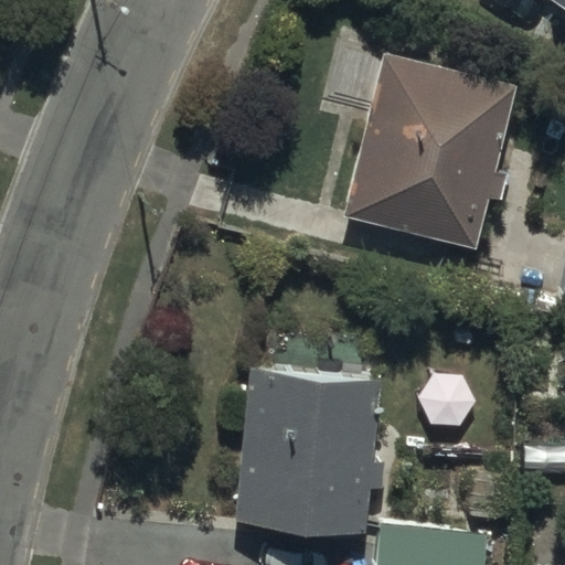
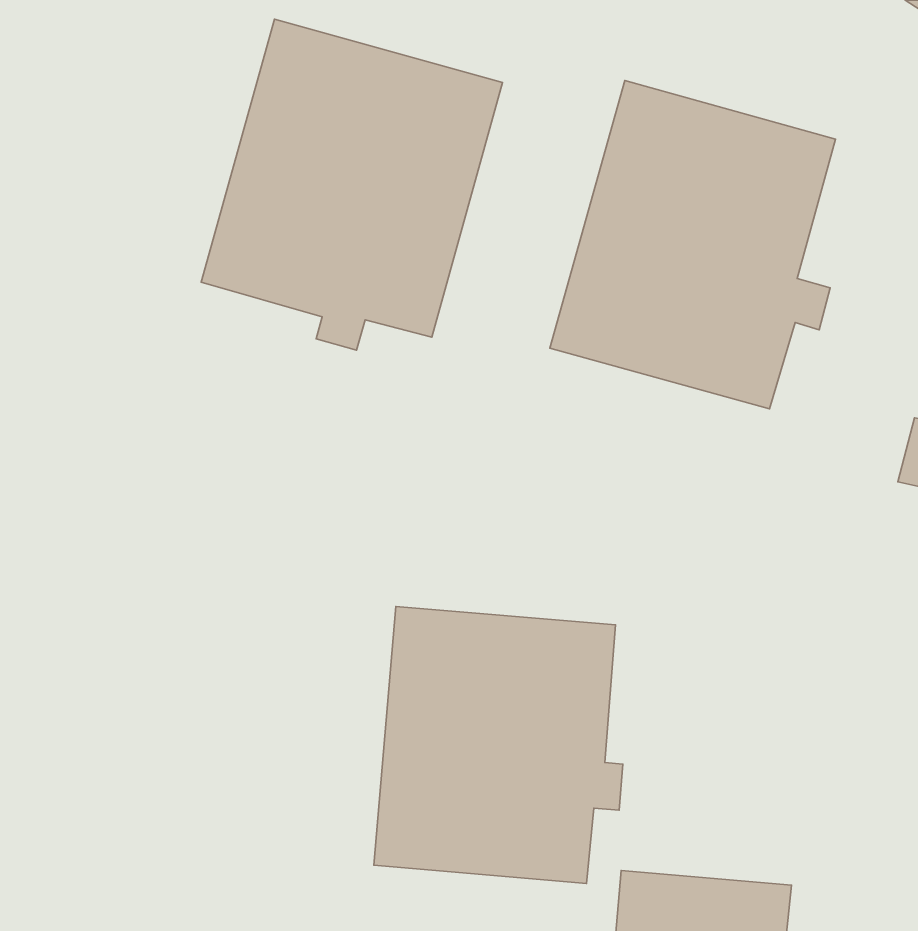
building: none -> [201,19,503,350]

